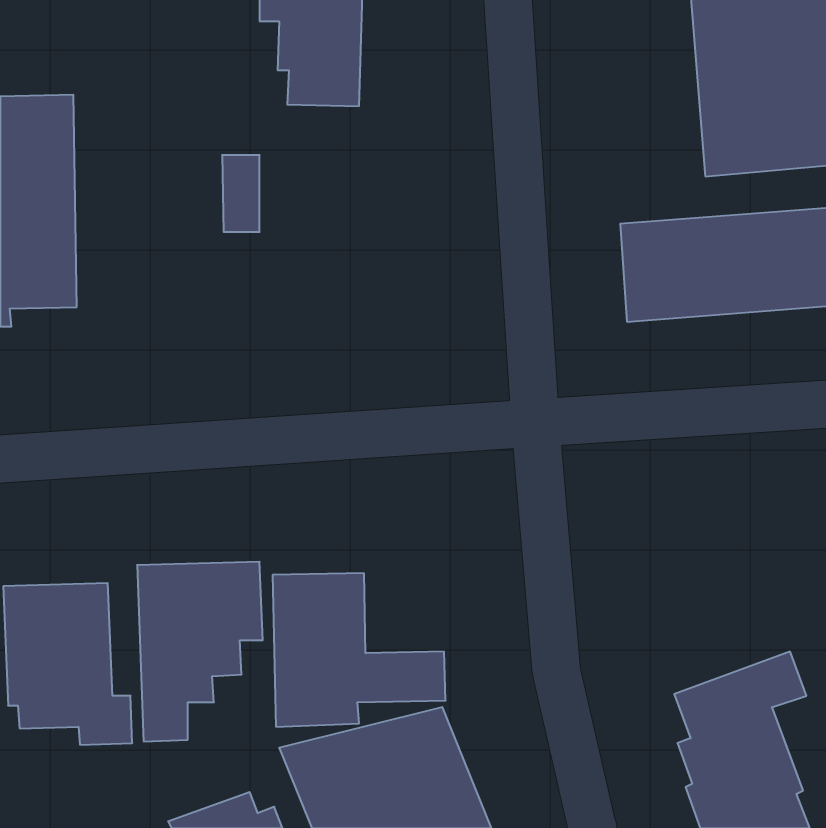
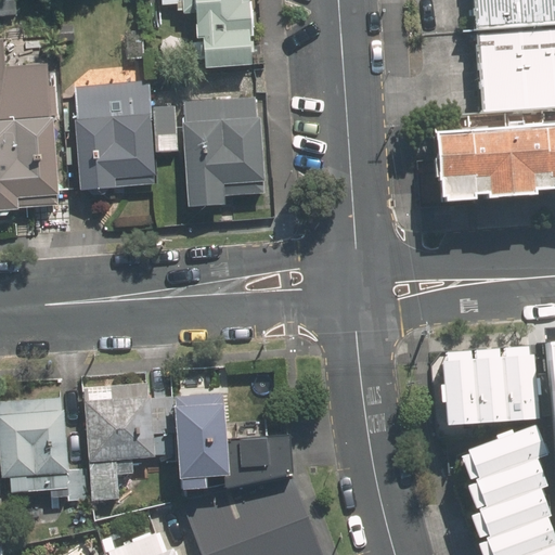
building: none -> [75,86,151,196]
building: none -> [182,101,264,209]
building: none -> [440,350,534,427]

